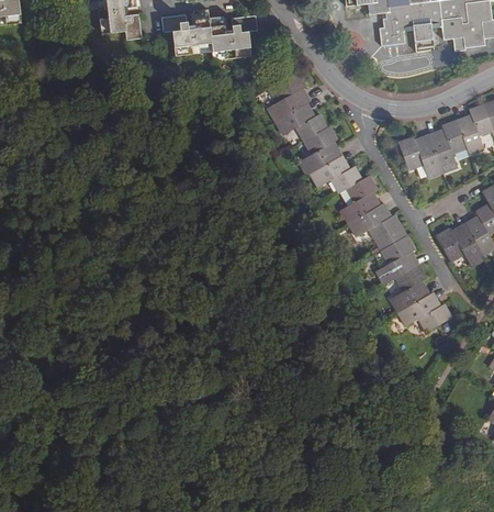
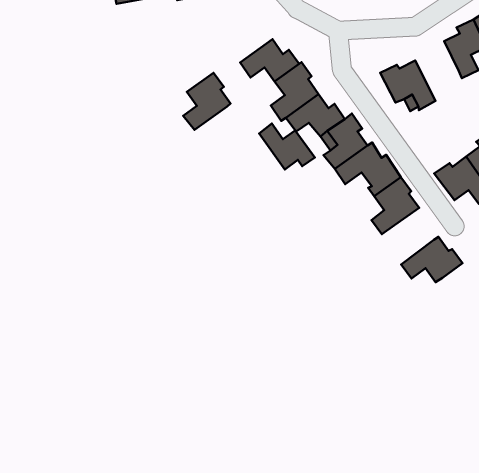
building: [267,71,310,120] -> [183,73,231,130]
building: [429,120,467,171] -> none
building: none -> [259,124,315,169]
building: [391,264,429,312] -> none

